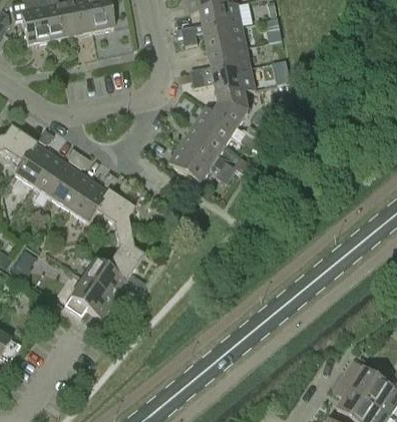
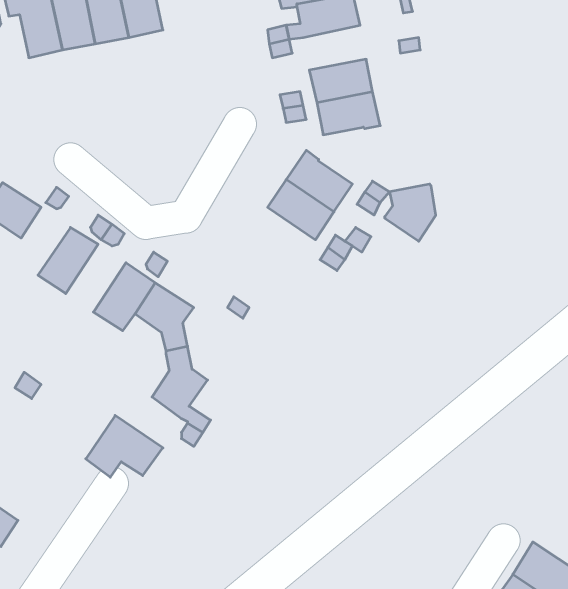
building: [205,23,246,52] -> none
building: [215,89,248,126] -> [385,184,436,241]
building: [13,141,53,185] -> none
building: [169,141,213,181] -> none
building: [50,165,89,209] -> none
building: [82,258,125,298] -> none

